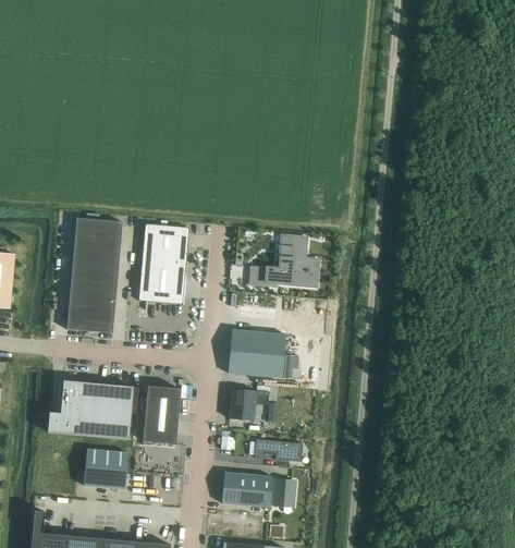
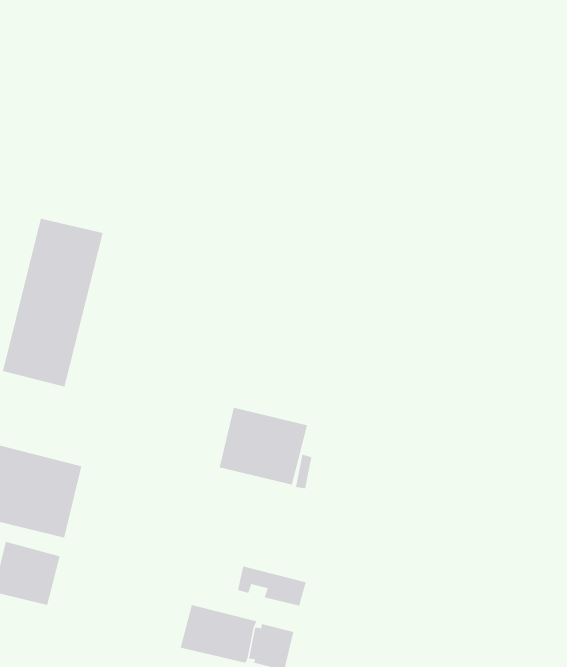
building: [138,226,189,305] -> none
building: [248,235,317,288] -> none
building: [143,386,180,443] -> none
building: [229,388,257,419] -> none

